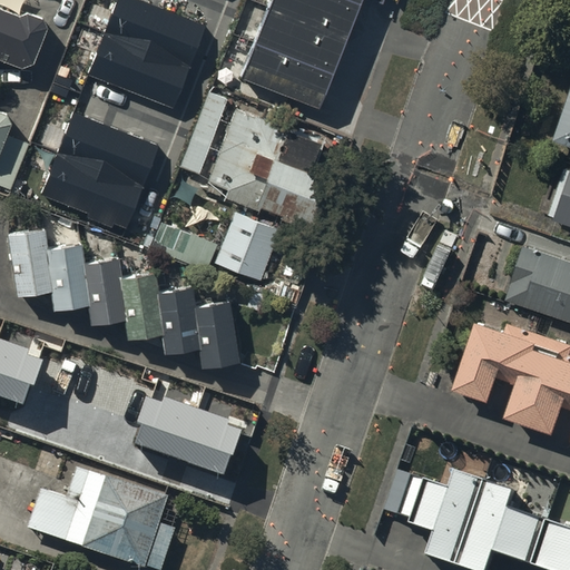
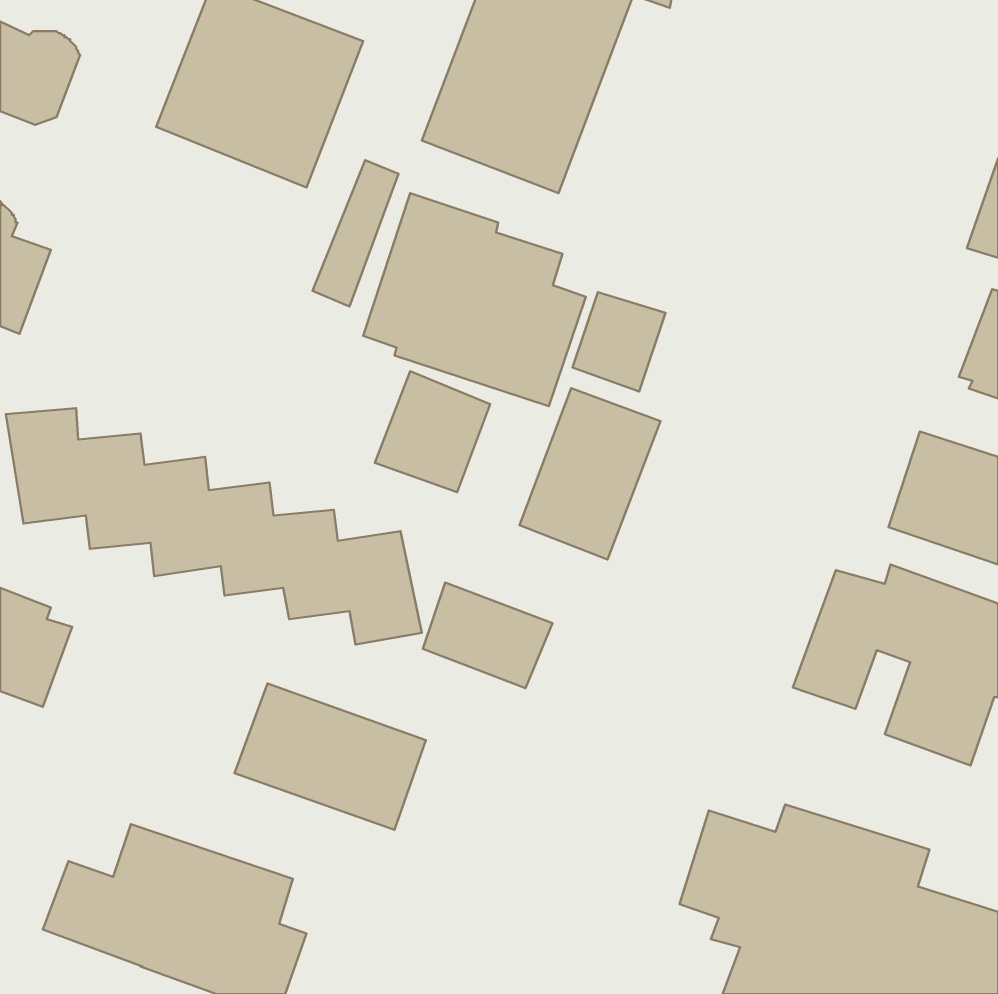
building: [40,110,158,227] -> none
building: none -> [573,292,666,391]
building: none -> [519,388,660,559]
building: none -> [423,582,552,688]

